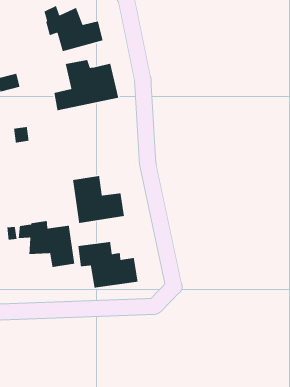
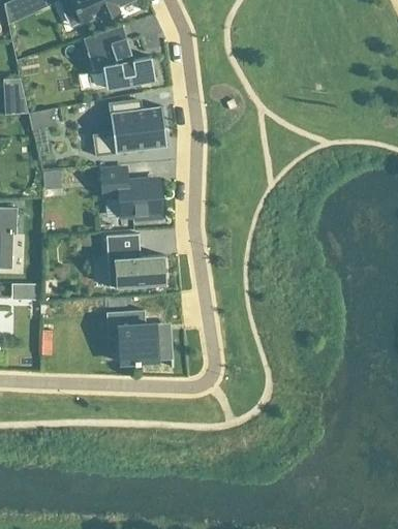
building: none -> [99,168,161,220]
building: [18,220,75,268] -> none

